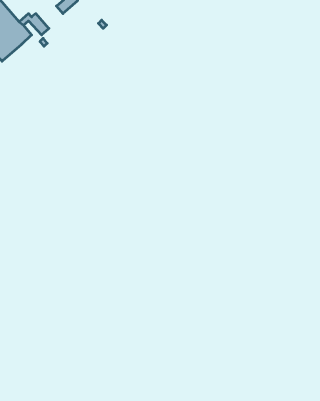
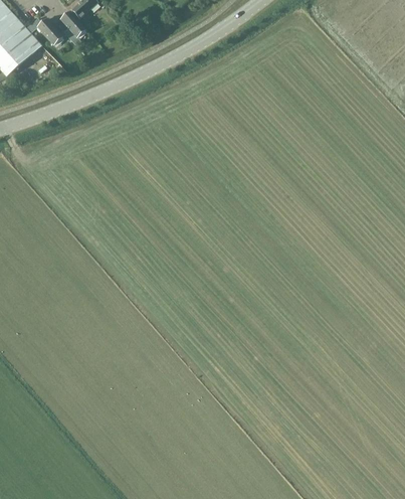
building: none -> [60,11,85,46]

